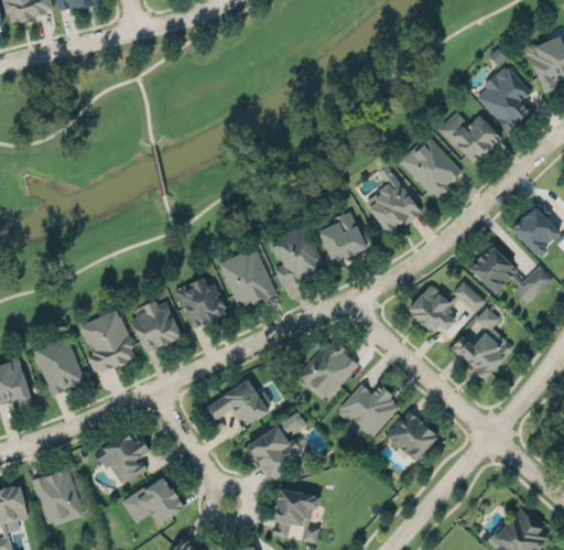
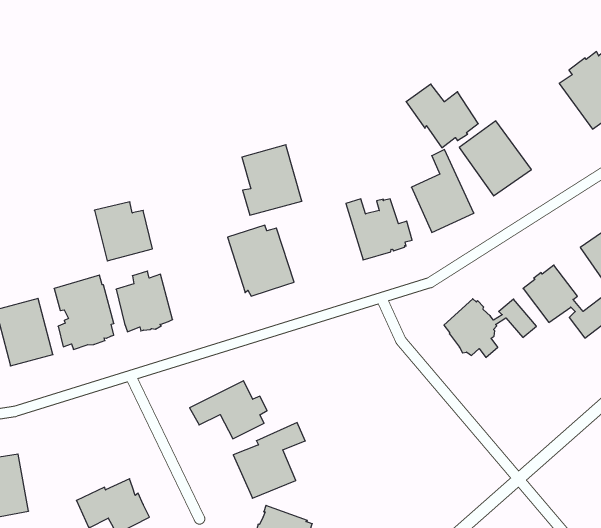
building: [438,111,501,163] -> [406,84,478,148]
building: [270,225,325,288] -> [242,145,302,215]
building: [175,278,228,330] -> [94,202,152,261]
building: [451,306,514,379] -> none
building: [296,338,358,399] -> none
building: [337,384,401,439] -> none
building: [386,410,438,462] -> none
building: [94,429,150,485] -> none

